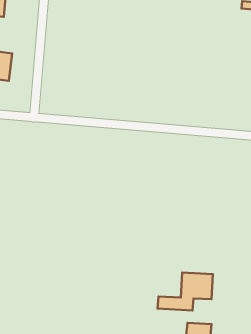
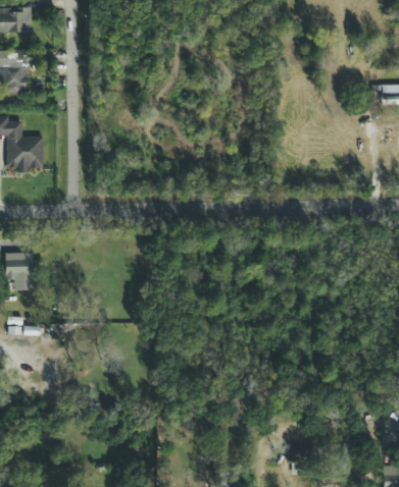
building: [157,272,213,311] -> none

